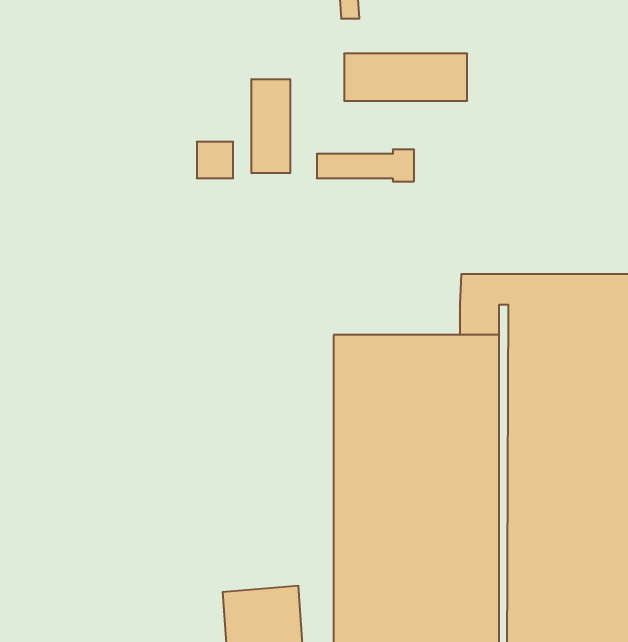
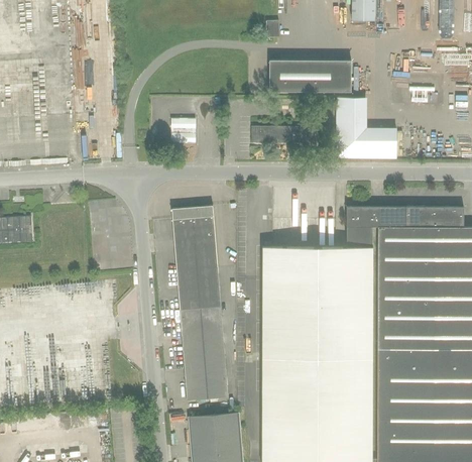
building: [252,79,290,173] -> none
building: none -> [336,98,397,158]
building: none -> [171,206,228,400]

